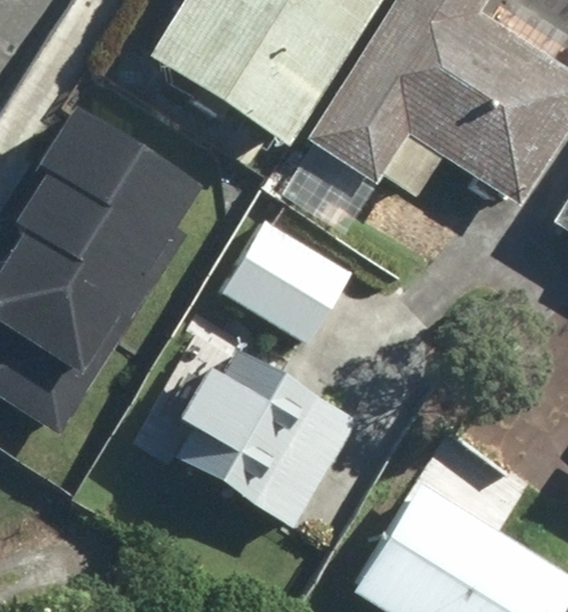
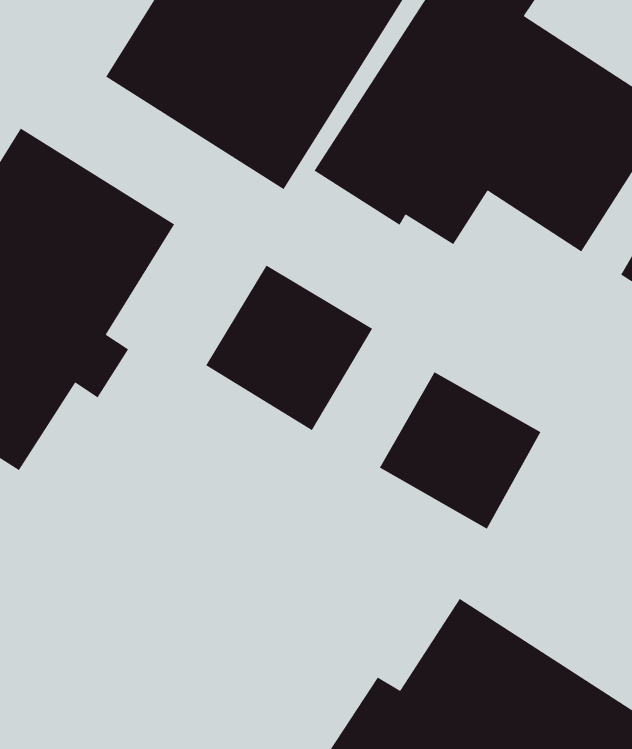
building: none -> [379,371,542,530]
building: [169,339,375,550] -> none

